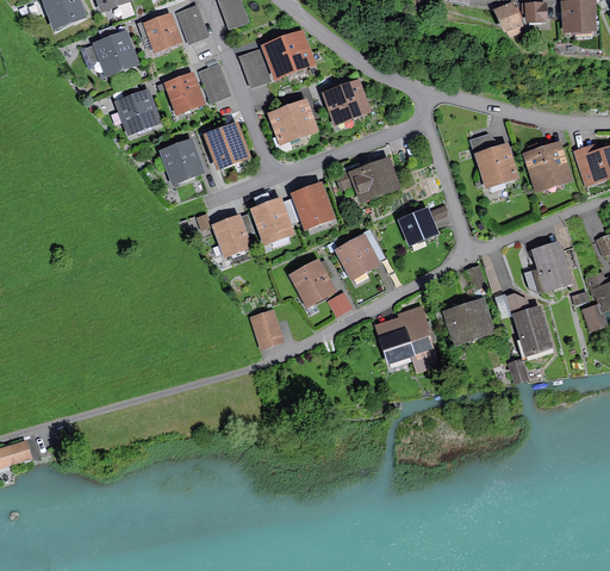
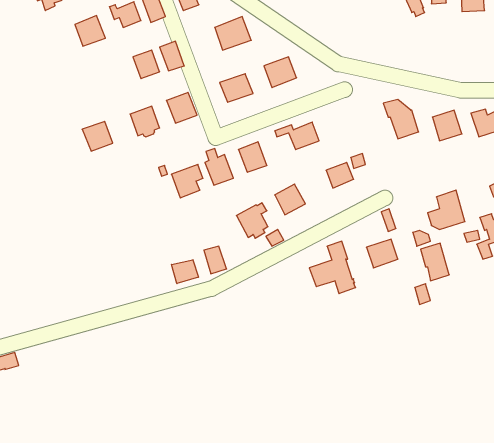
building: [239,50,269,86] -> none
building: [119,93,156,129] -> [82,121,113,151]
building: none -> [172,260,198,284]

